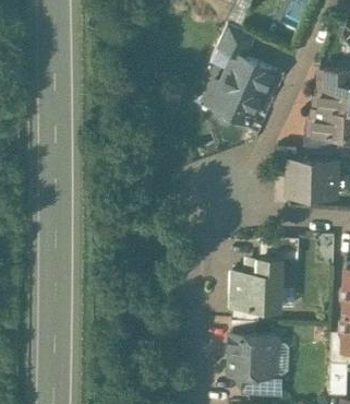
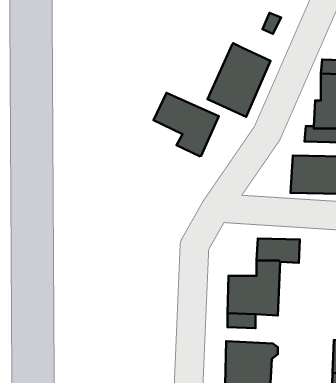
building: [217,27,255,61] -> none
building: none -> [154,93,219,156]

